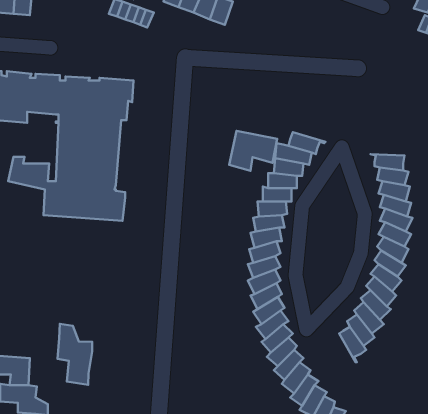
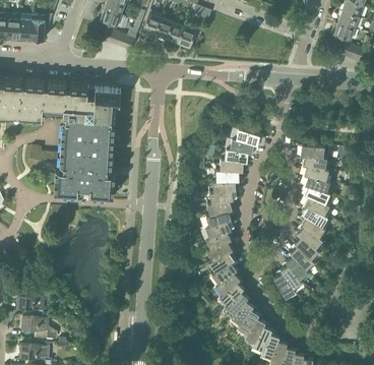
building: [229,131,277,171] -> none
building: [57,324,92,385] -> none

